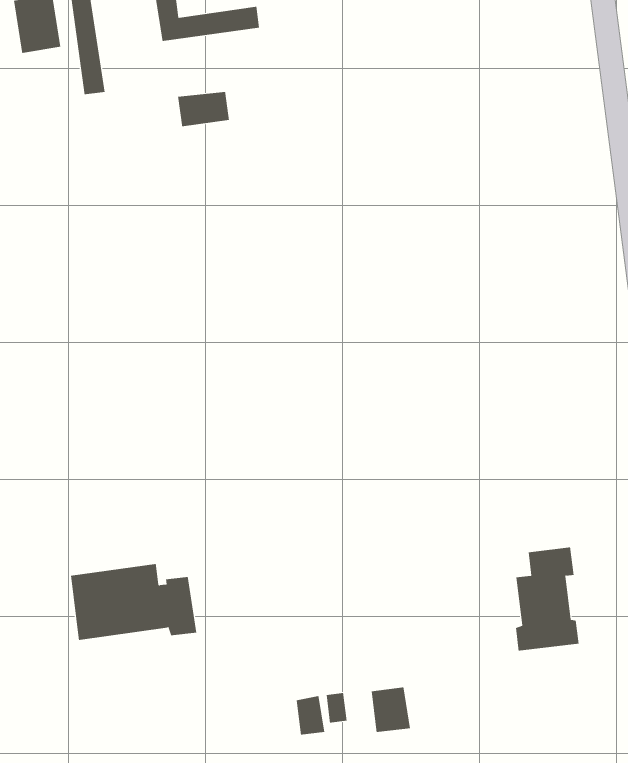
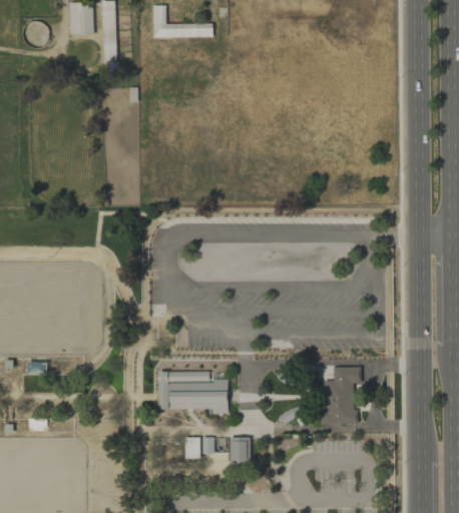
building: [177,91,229,127] -> none
building: [70,563,197,640] -> [158,370,230,414]

